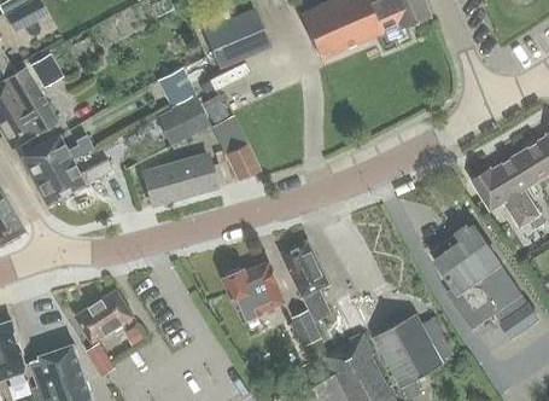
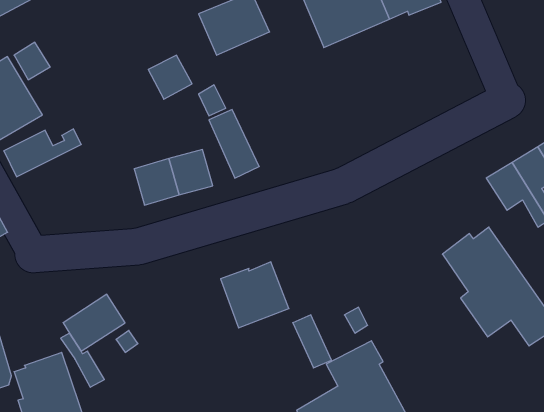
building: [167,94,211,141] -> none
building: [33,159,112,205] -> none
building: [281,240,332,322] -> none
building: [374,314,444,388] -> none

